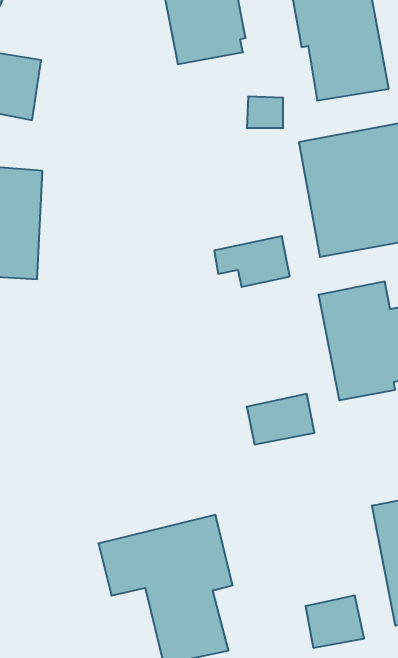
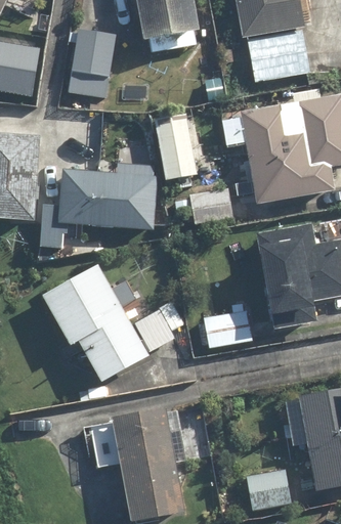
building: none -> [67,27,115,98]
building: none -> [154,112,195,178]
building: none -> [38,164,156,258]
building: none -> [43,266,181,382]

